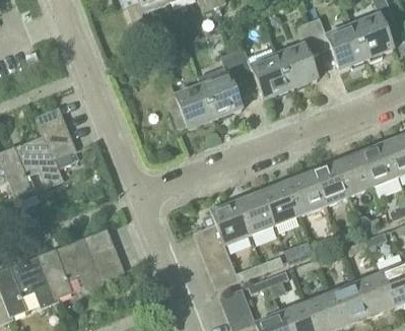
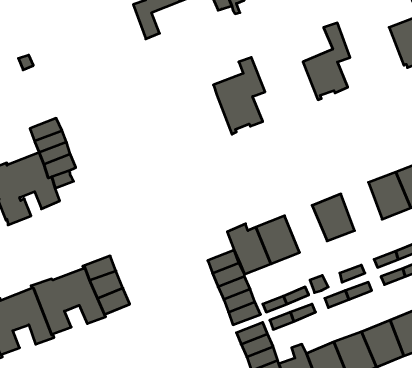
building: [308,16,366,70] -> none
building: [231,47,290,100] -> none
building: [156,76,214,130] -> none
building: [311,162,347,205] -> none
building: [259,180,298,224] -> none

